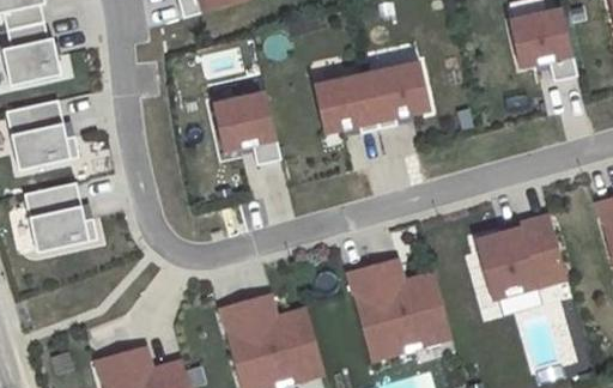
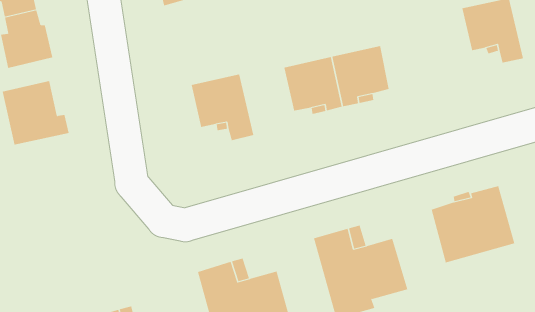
building: [24,183,97,253] -> none

